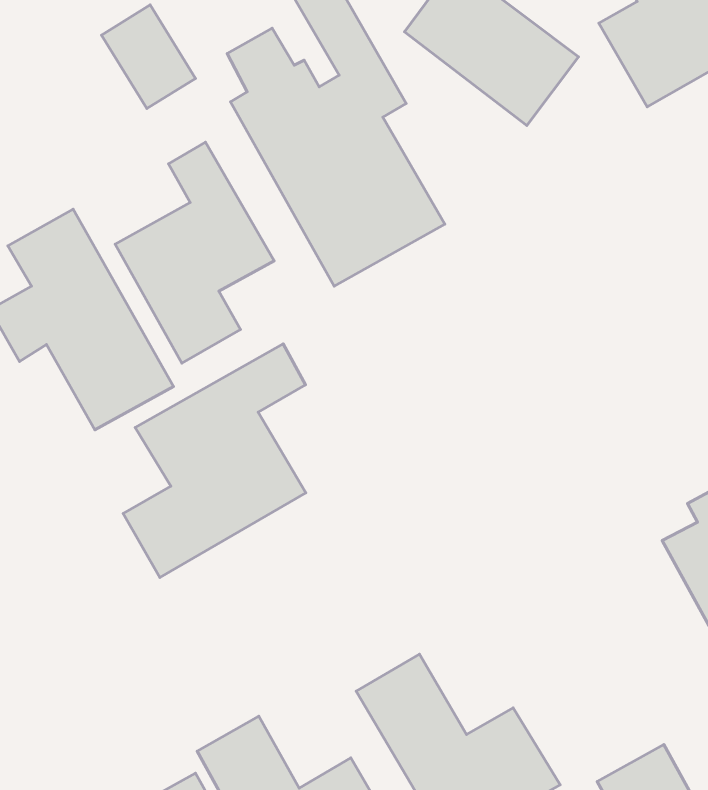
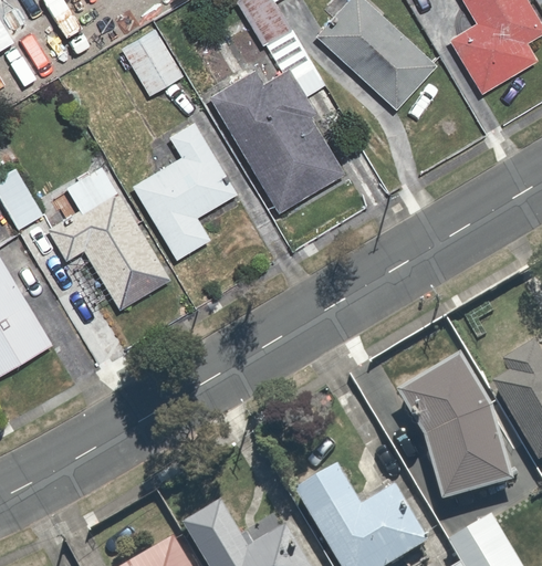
building: [123,344,306,577] -> none
building: none -> [402,357,508,500]

